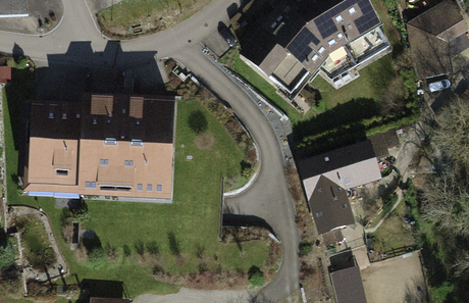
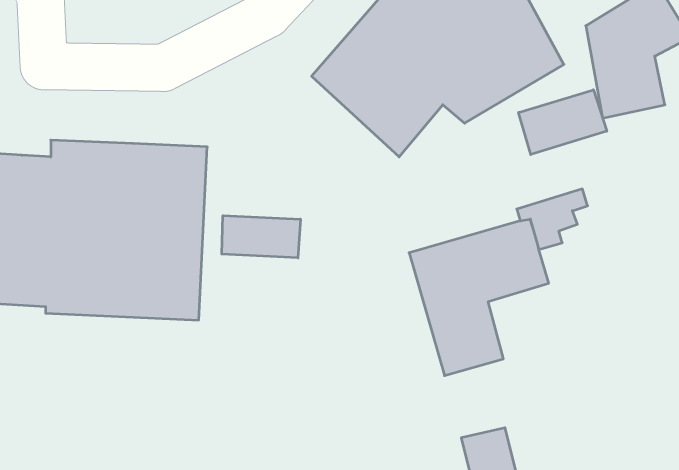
building: none -> [519,90,607,155]
building: none -> [222,216,300,258]

